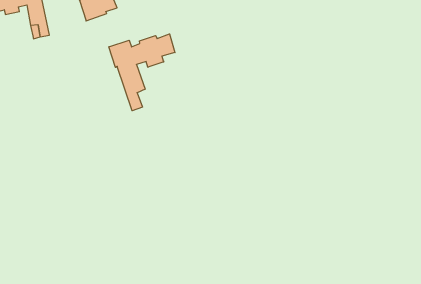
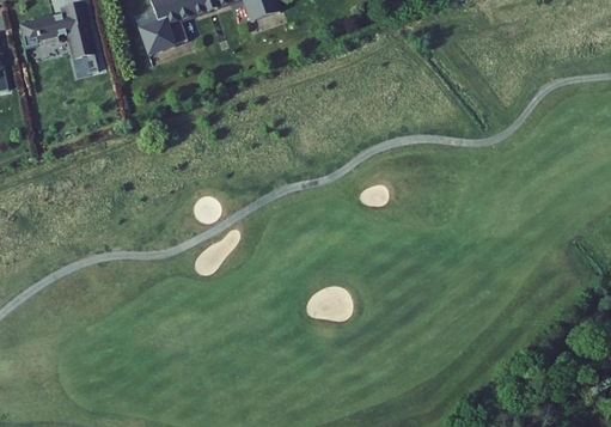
building: [109,34,175,111] -> none

